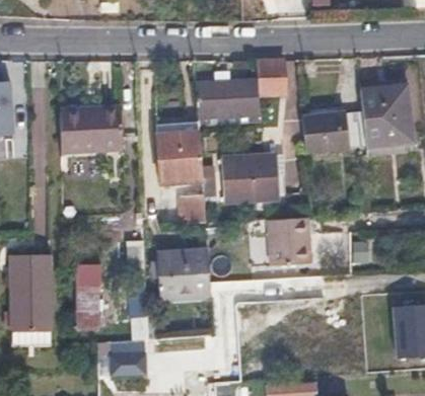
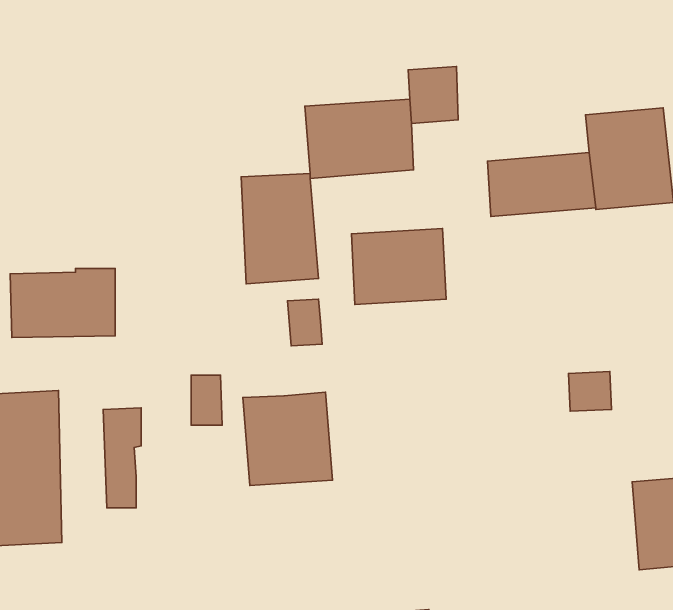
building: [61,111,123,152] -> [10,269,115,338]
building: [268,217,311,266] -> none
building: [105,350,146,375] -> none

